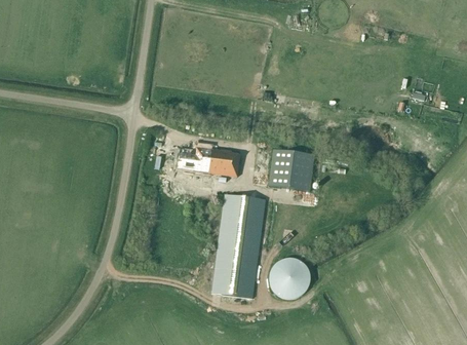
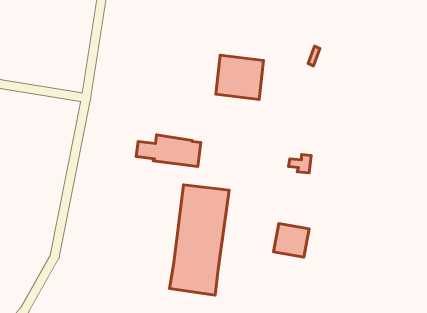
building: [268,148,313,190] -> [216,55,263,99]
building: [273,267,307,299] -> [273,224,309,257]

